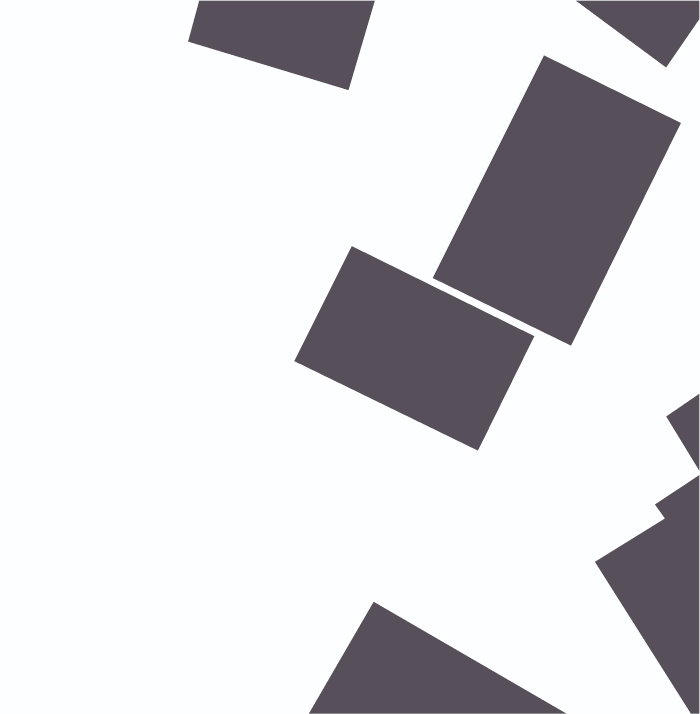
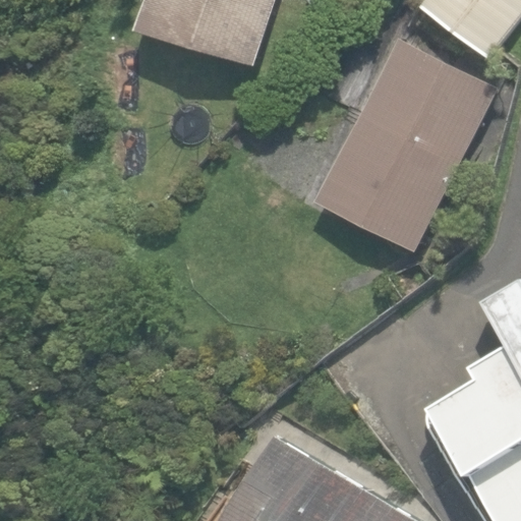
building: [294,245,535,451] -> none

